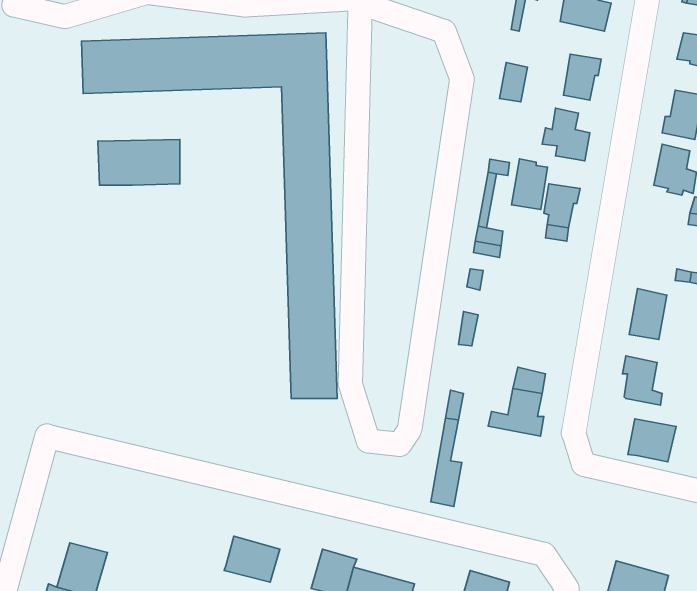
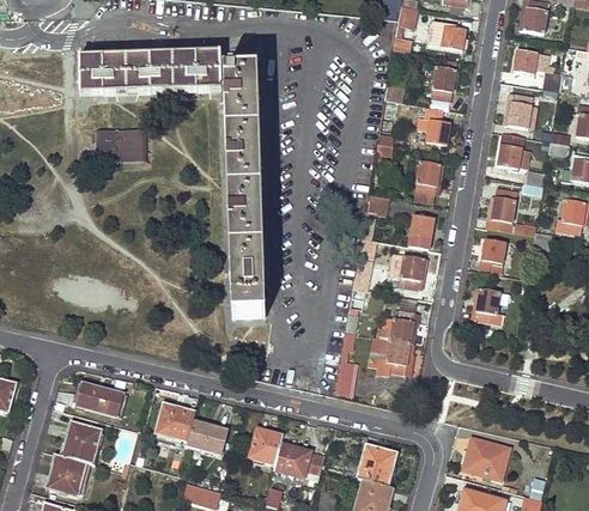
building: [511,159,548,210] -> [407,212,433,249]
building: none -> [487,188,517,232]
building: none -> [397,255,427,290]
building: [628,419,676,462] -> none
building: none -> [371,337,414,376]
building: none -> [78,384,125,418]
building: none -> [153,403,193,440]

